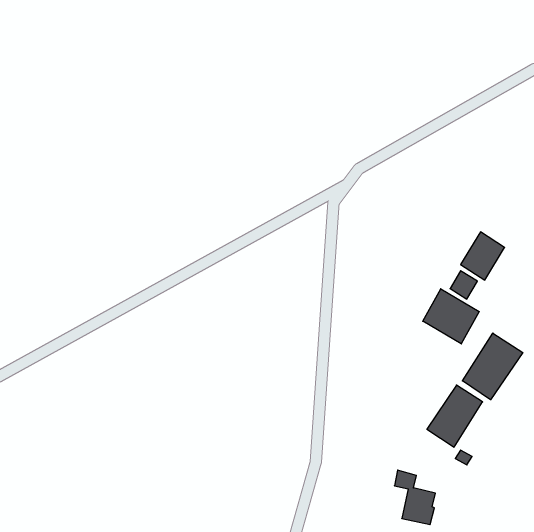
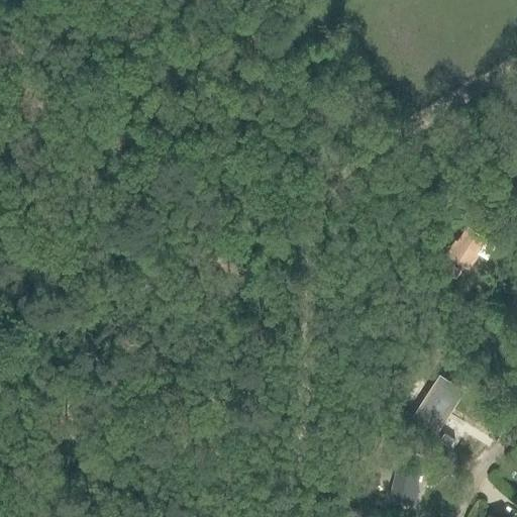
building: [423,289,479,344] -> none
building: [462,333,523,400] -> none

